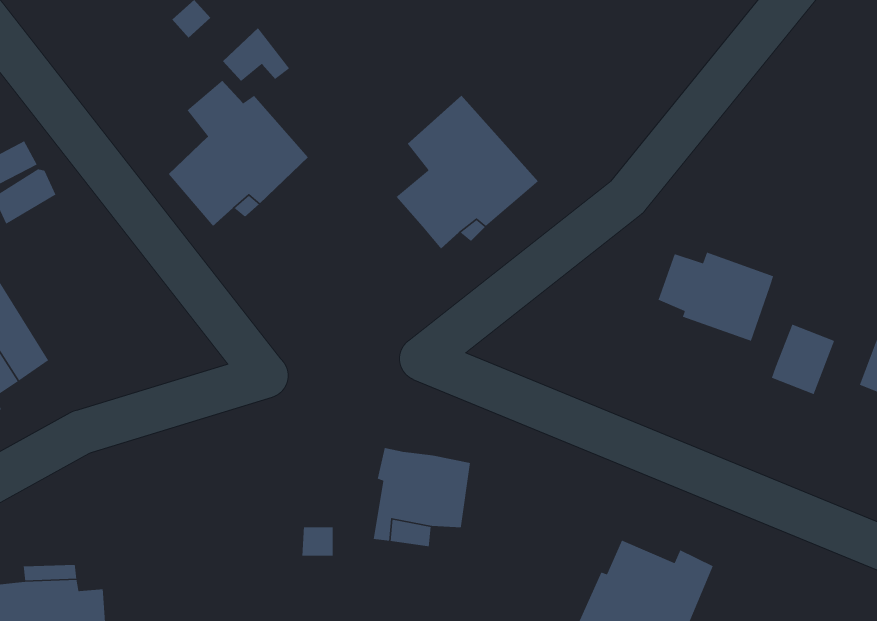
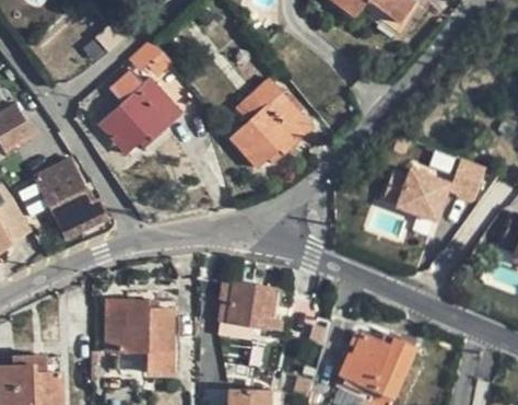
building: none -> [38,161,108,239]
building: [771,324,835,395] -> [448,158,485,199]
building: none -> [102,293,167,367]

